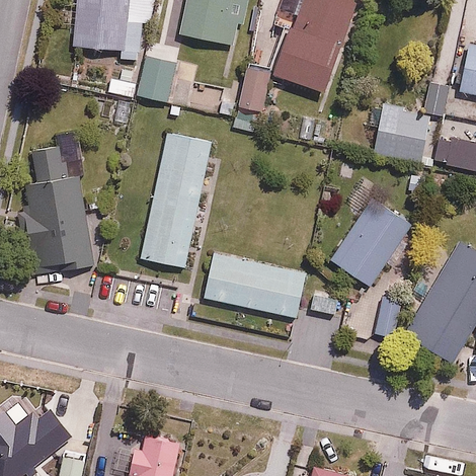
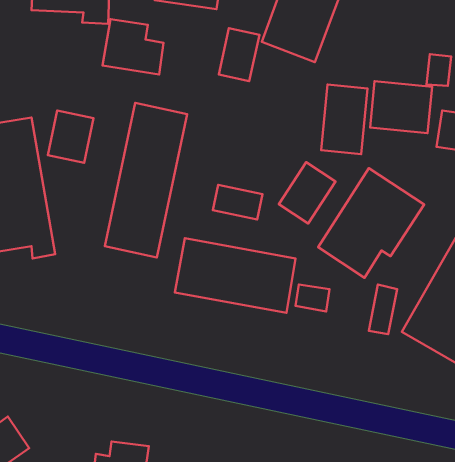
building: none -> [321,85,368,154]
building: none -> [48,111,94,163]
building: none -> [279,162,336,223]
building: none -> [213,185,262,219]

